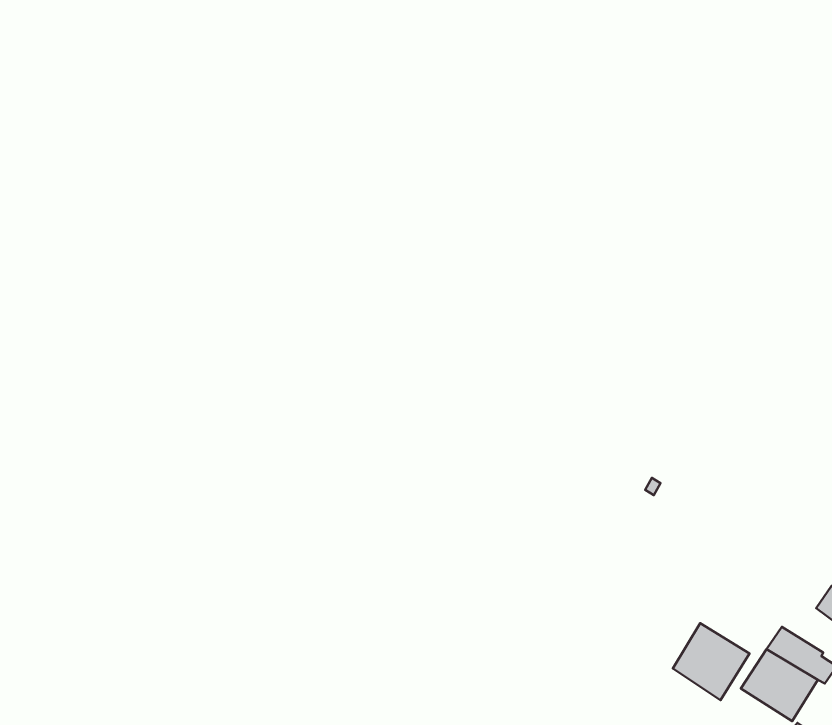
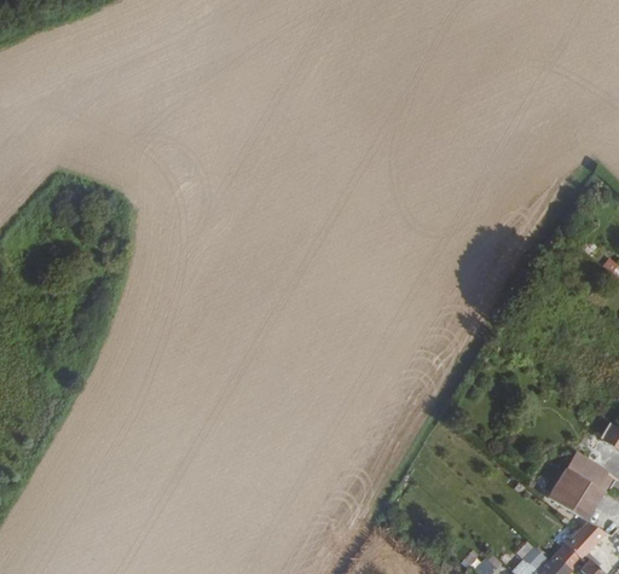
building: [673,623,750,700] -> none

